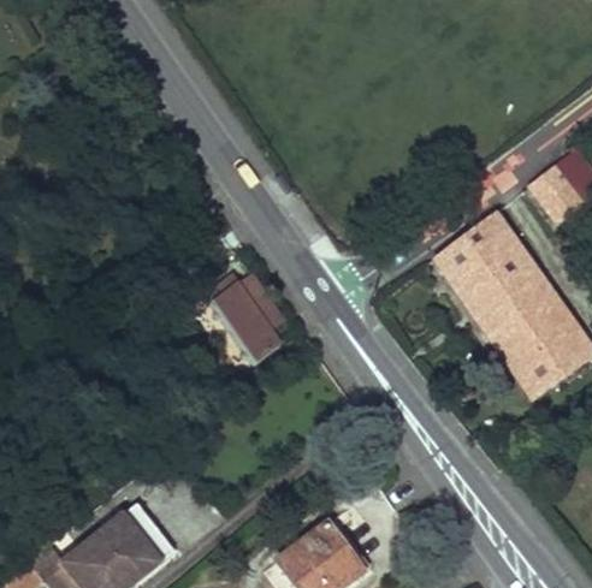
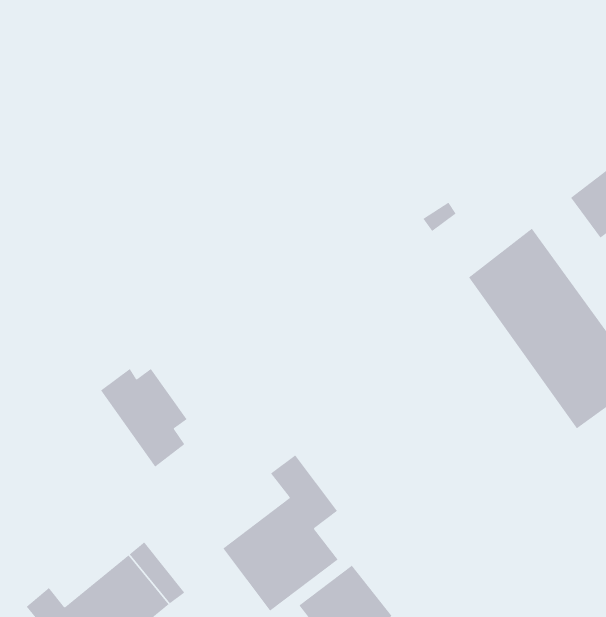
building: [205,272,285,363] -> [100,368,188,468]
building: none -> [222,455,339,611]

